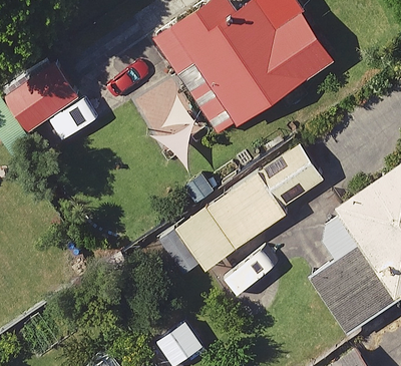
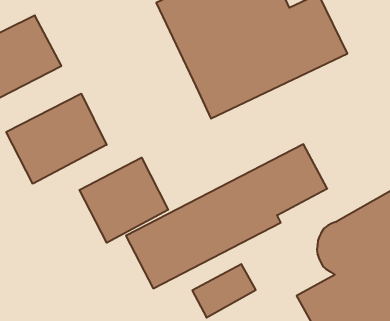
building: none -> [6,94,107,184]
building: none -> [79,158,168,243]

